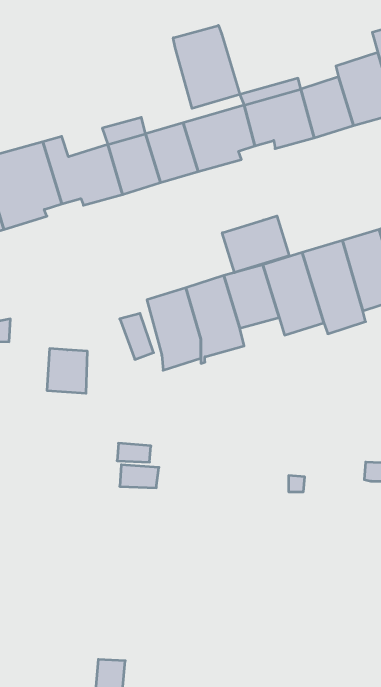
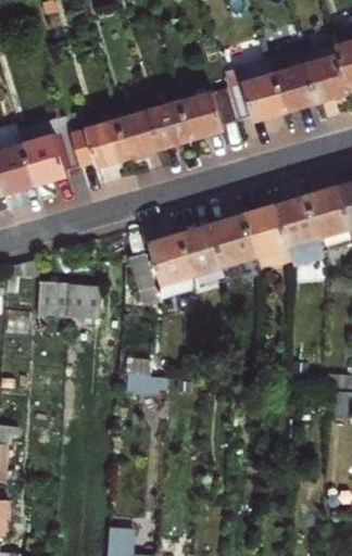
building: [173,25,240,108] -> none
building: [222,216,289,273] -> none
building: none -> [37,280,71,315]

